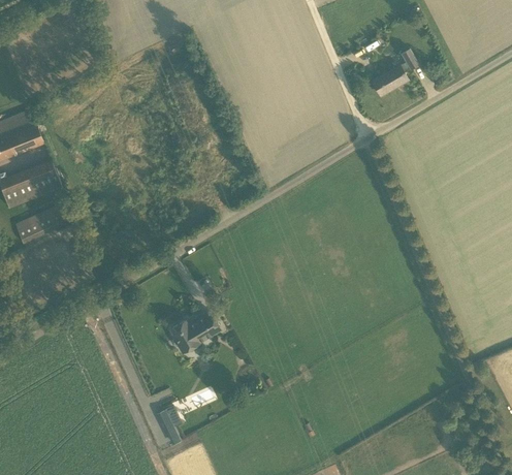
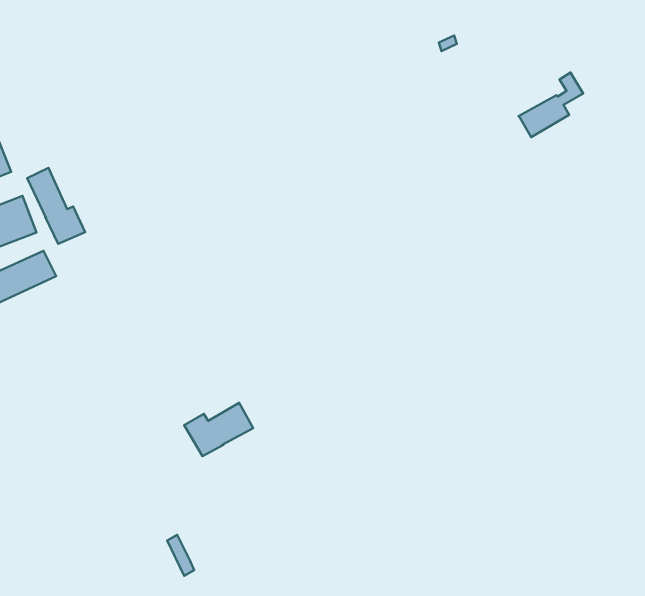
building: [369,50,416,97] -> [519,72,583,137]
building: none -> [27,168,85,244]

